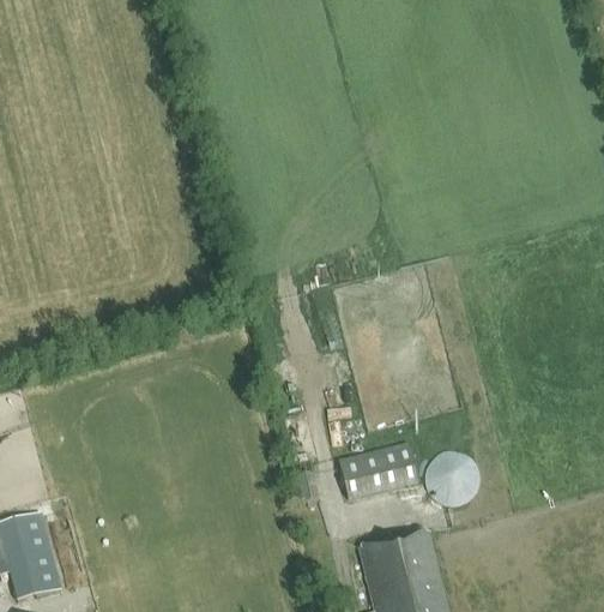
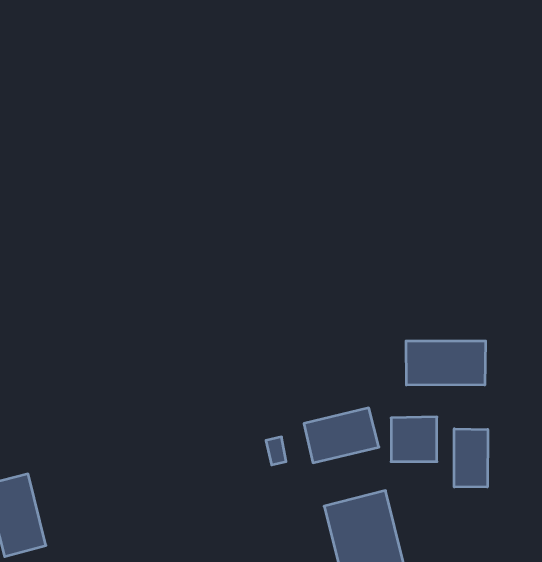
building: none -> [406,341,486,385]
building: none -> [454,429,488,487]

